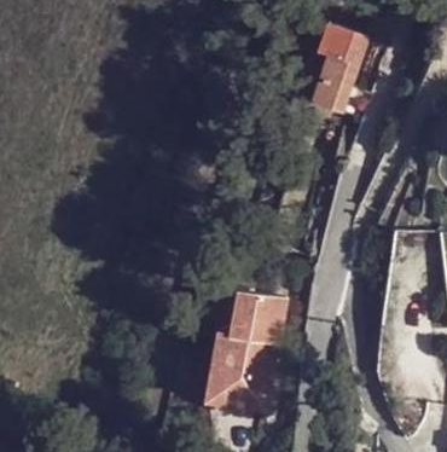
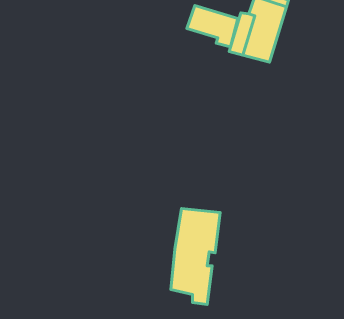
building: none -> [187,5,238,47]
building: [209,341,250,407] -> none

